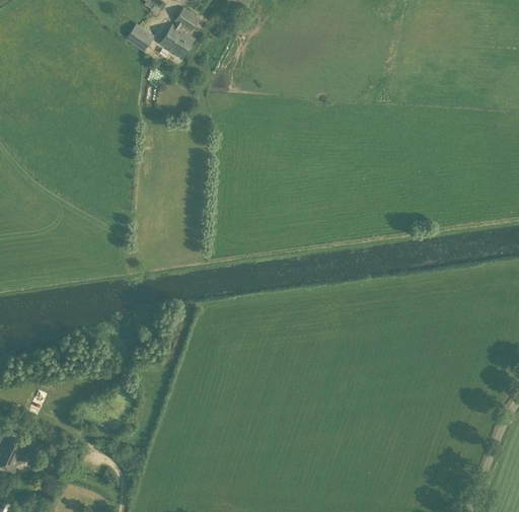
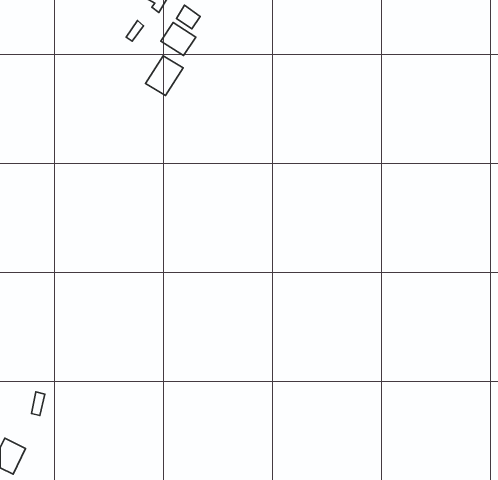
building: none -> [145,56,183,96]

